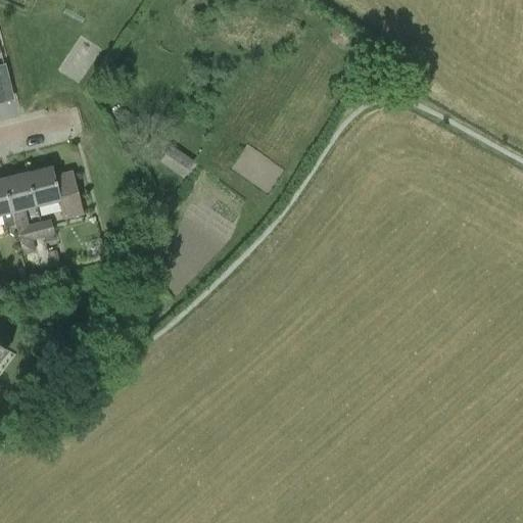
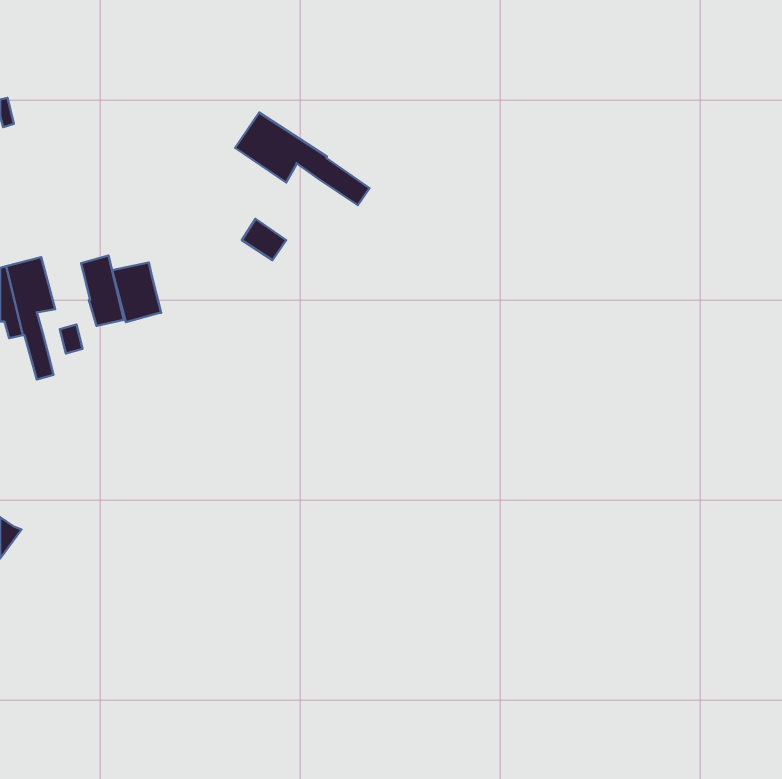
building: none -> [235,112,370,205]
building: [28,167,60,206] -> [112,262,161,322]

